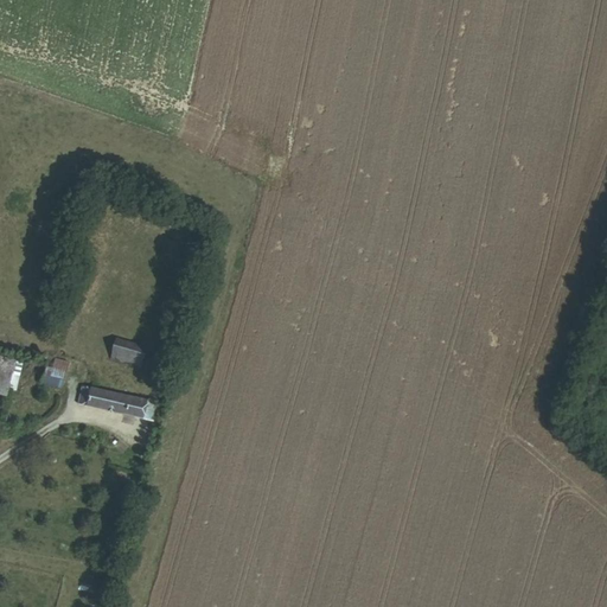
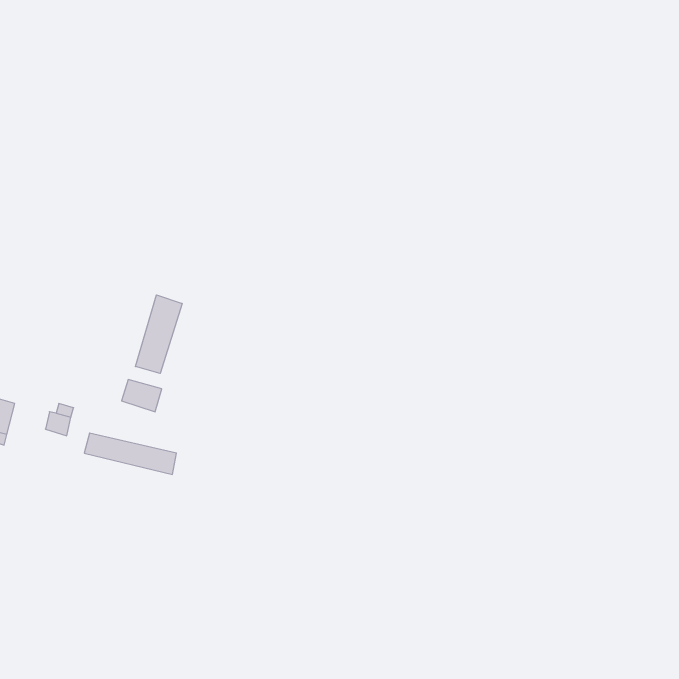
building: none -> [135,295,182,373]

